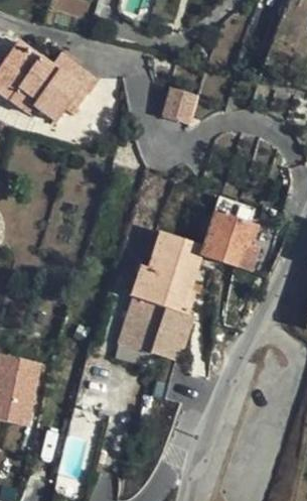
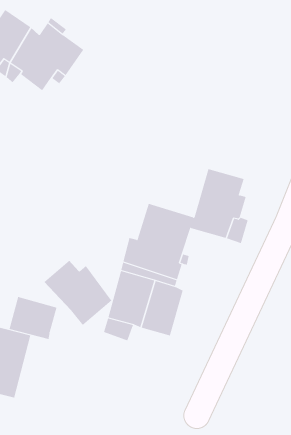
building: [160,85,196,123] -> none
building: none -> [43,260,112,326]
building: none -> [9,296,57,340]

